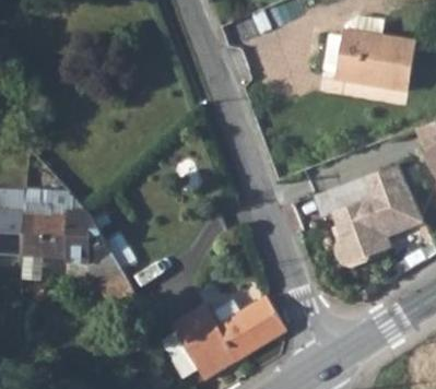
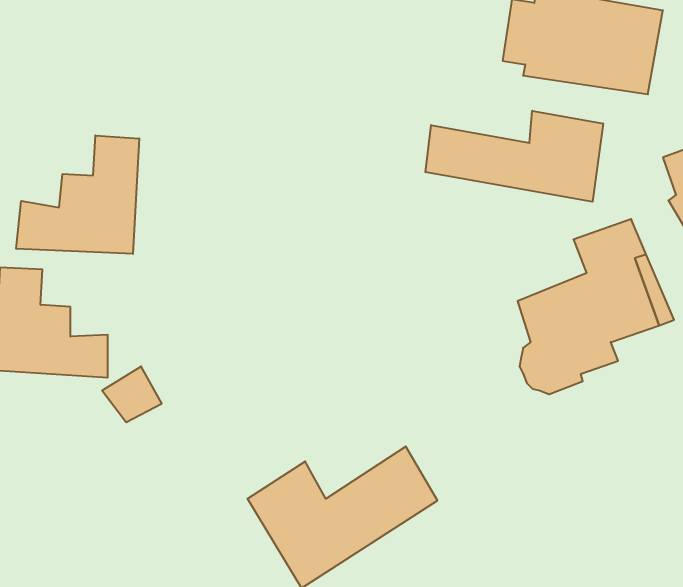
building: none -> [426,111,603,202]
building: none -> [16,135,139,254]

